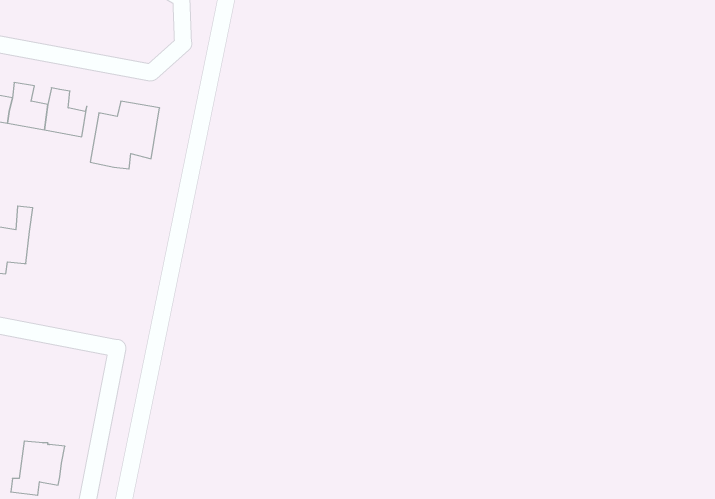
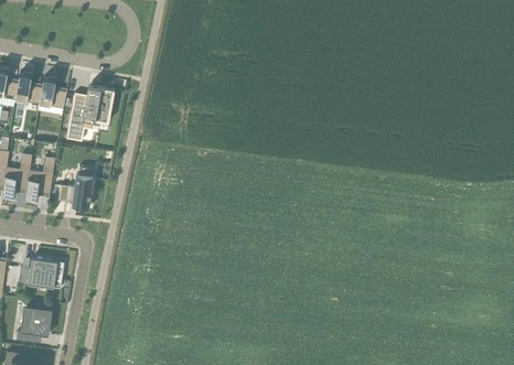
building: none -> [23,158,53,202]
building: none -> [63,175,93,208]
building: none -> [17,258,63,289]

